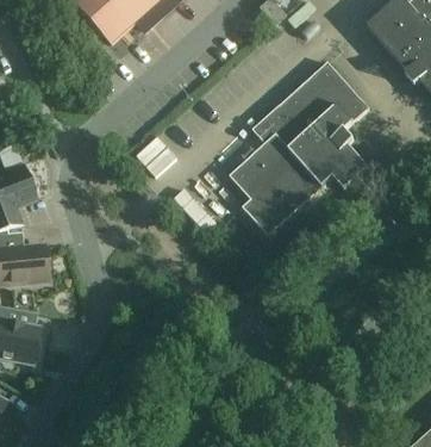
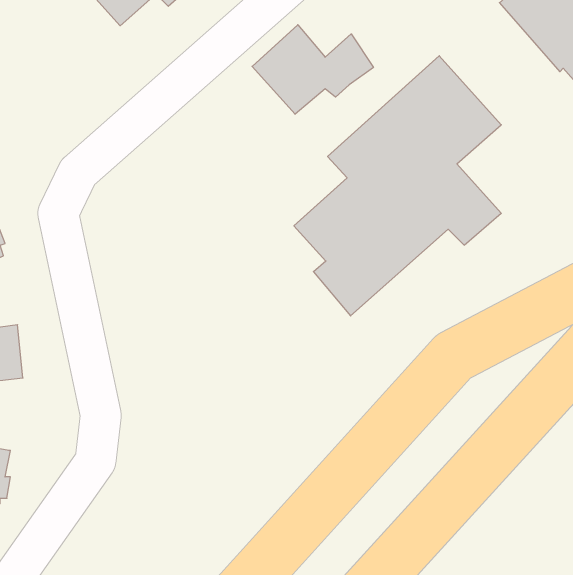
building: none -> [252,25,373,114]

